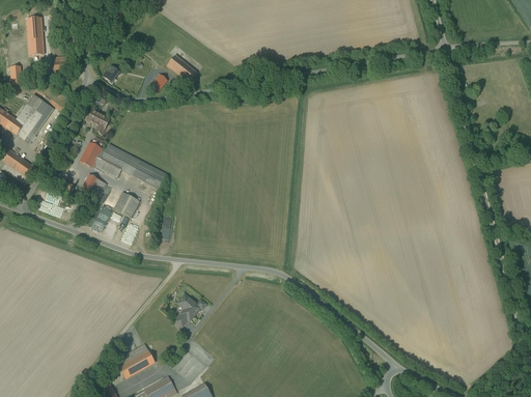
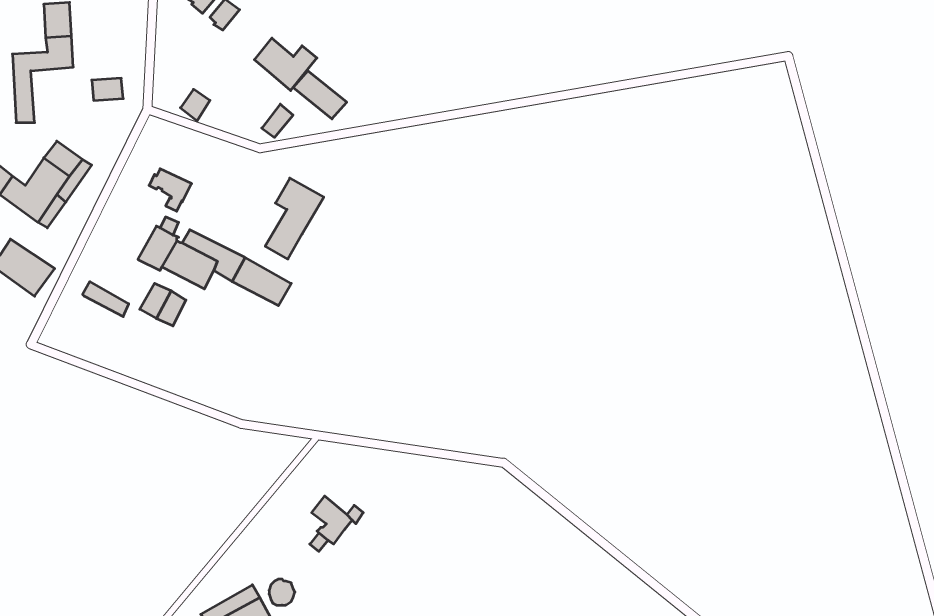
building: none -> [254,38,317,91]
building: none -> [265,178,324,259]
building: [113,192,140,218] -> none

